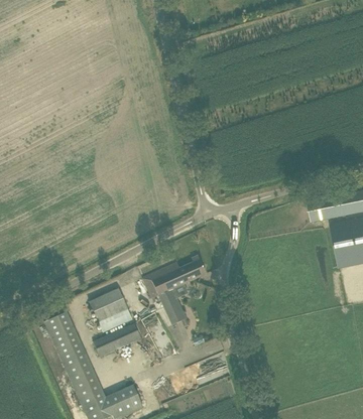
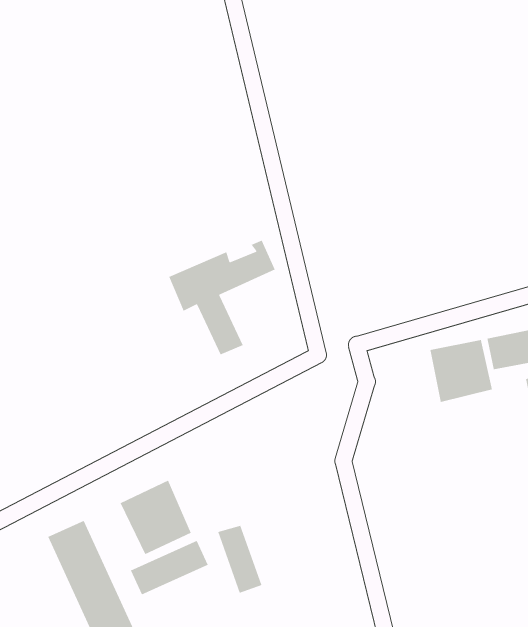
building: none -> [429,339,493,403]
building: [141,256,206,325] -> [168,240,276,356]

